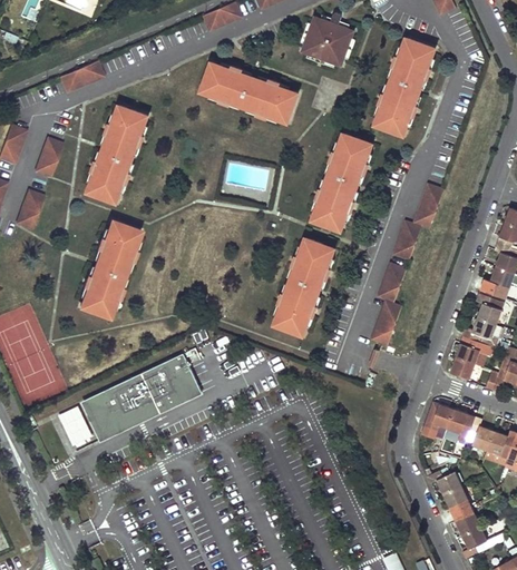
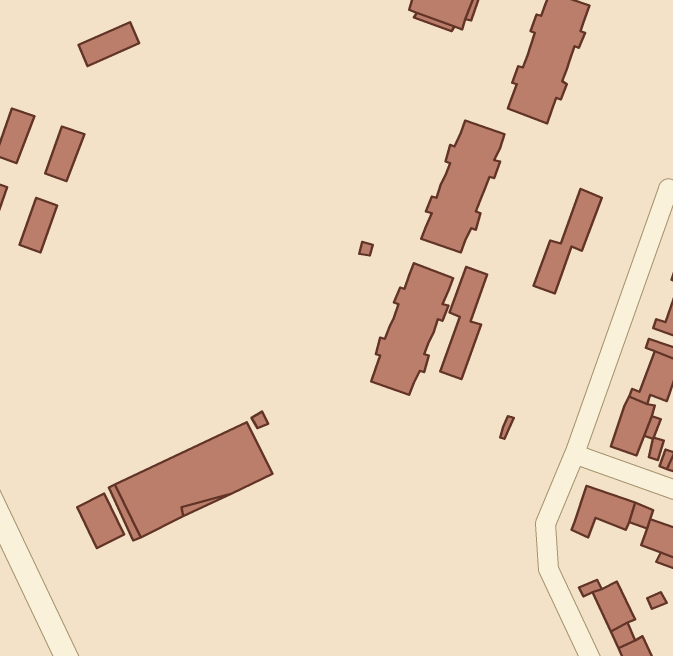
building: [201,62,297,122] -> none
building: [87,106,147,203] -> none
building: [79,220,139,318] -> none
building: [371,264,406,346] -> [440,267,487,379]

